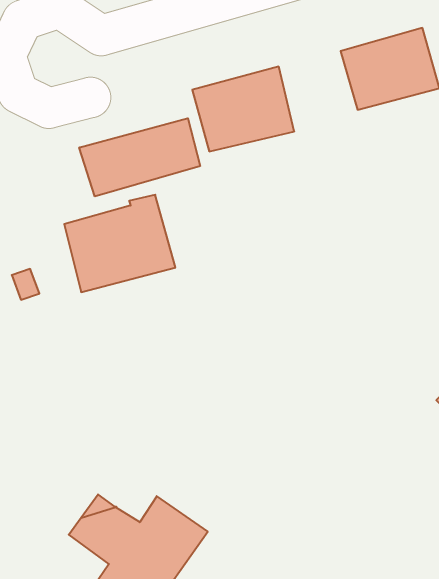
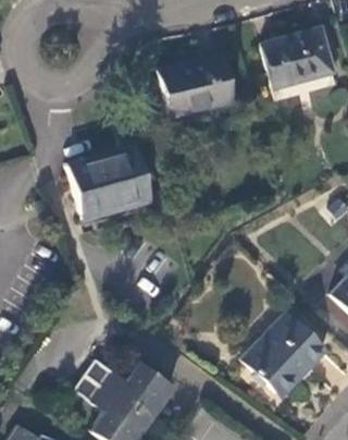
building: [79,118,200,196] -> none
building: none -> [244,313,327,393]

